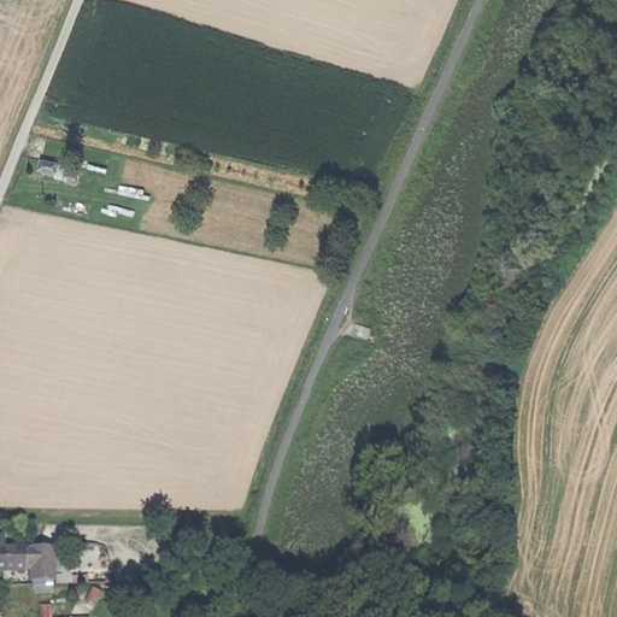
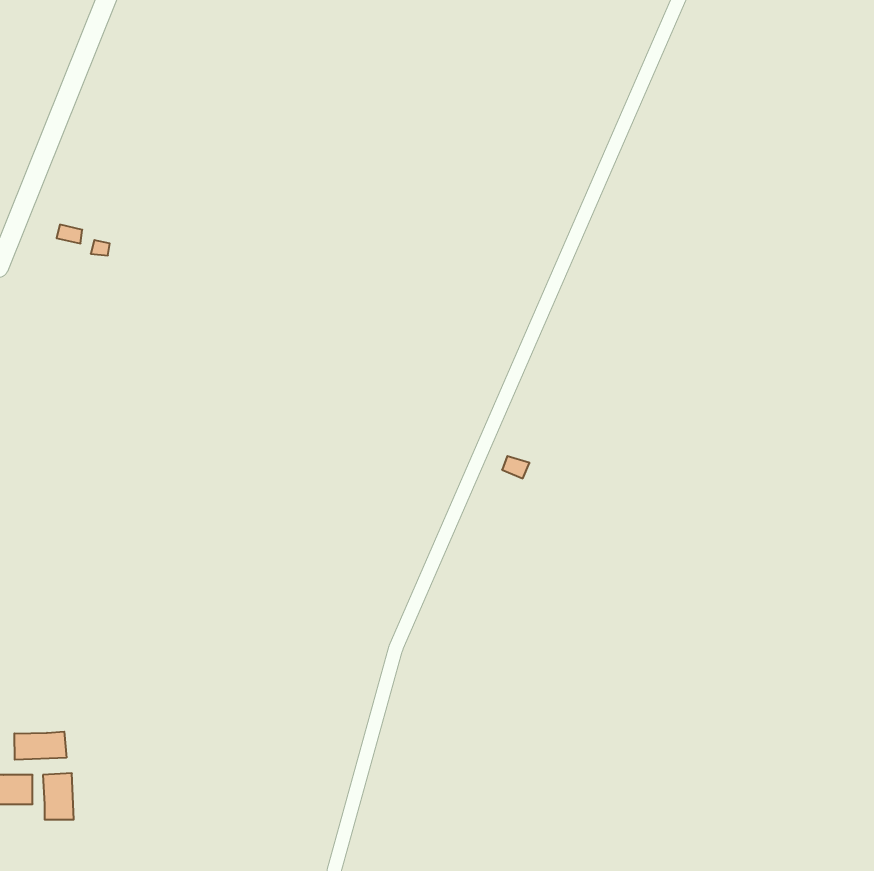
building: none -> [14,732,66,760]

